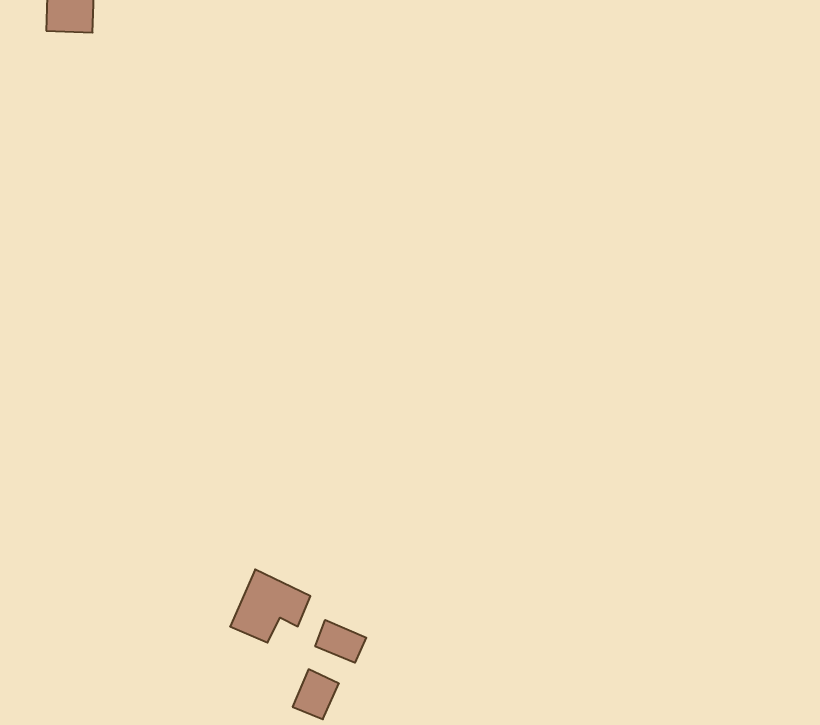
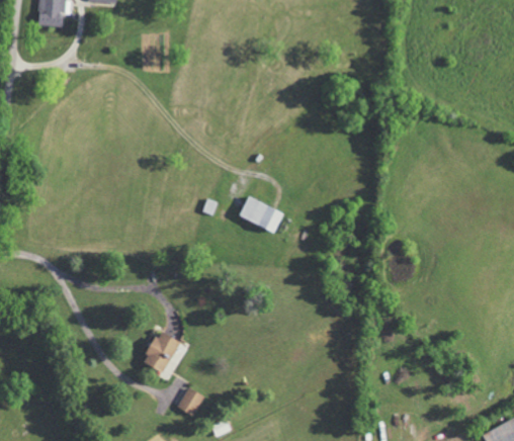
building: none -> [239,196,283,233]
building: [315,620,366,663] -> none

